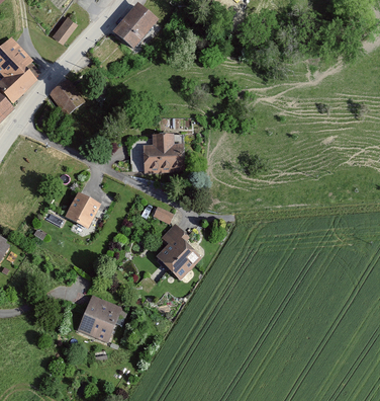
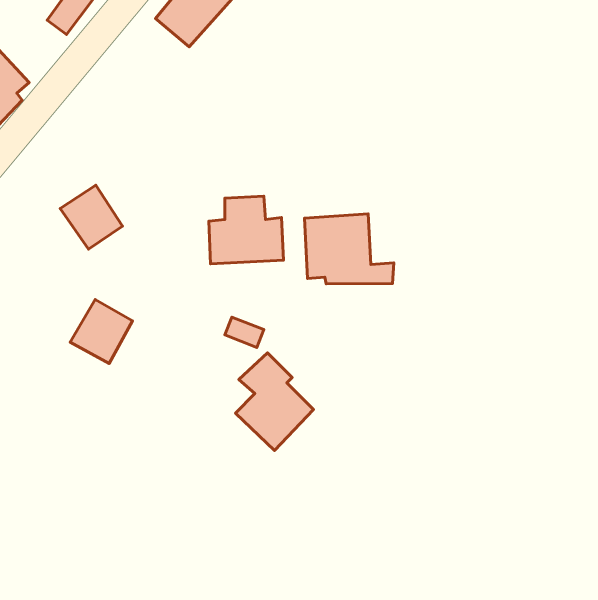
building: [50,80,85,116] -> [60,185,122,249]
building: none -> [305,214,394,284]
building: [77,299,119,341] -> none

